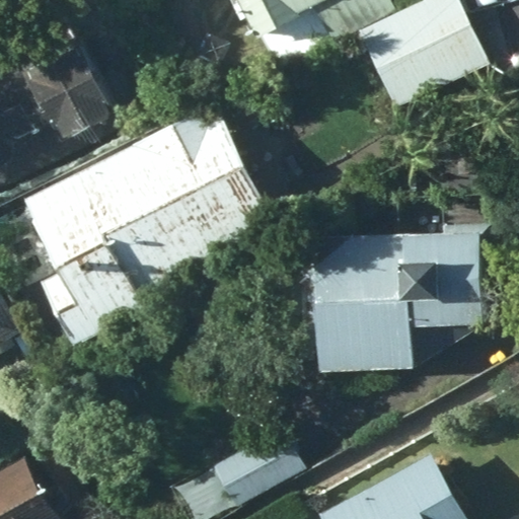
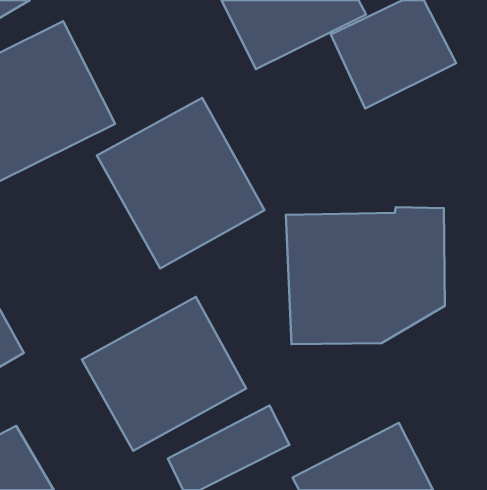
building: [19,164,169,350] -> none
building: none -> [82,297,246,451]

